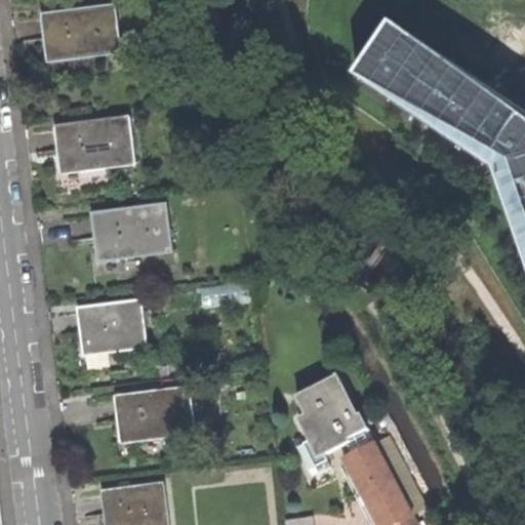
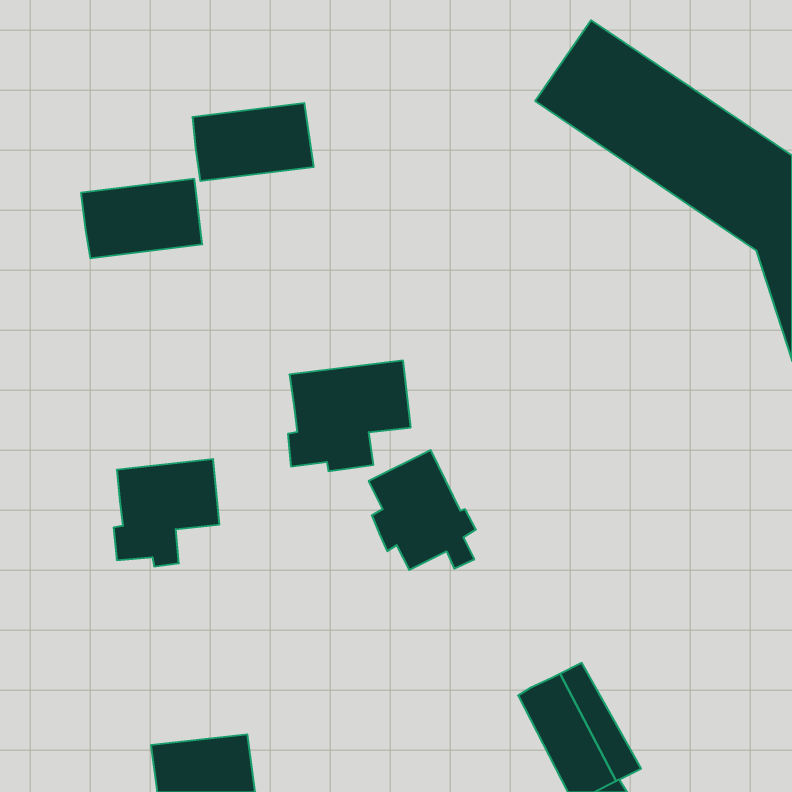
building: [40,7,120,58] -> [192,103,314,181]
building: [89,205,170,278] -> [288,361,411,471]
building: [293,375,364,454] -> [369,450,476,570]
building: [114,388,194,440] -> none

